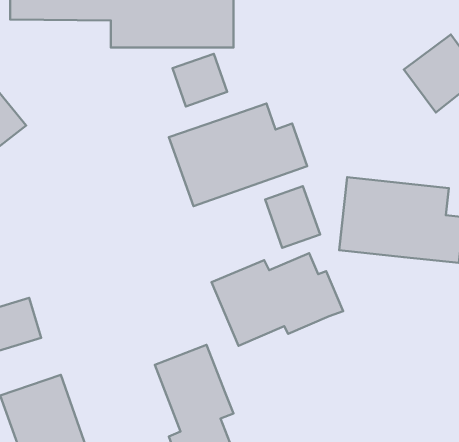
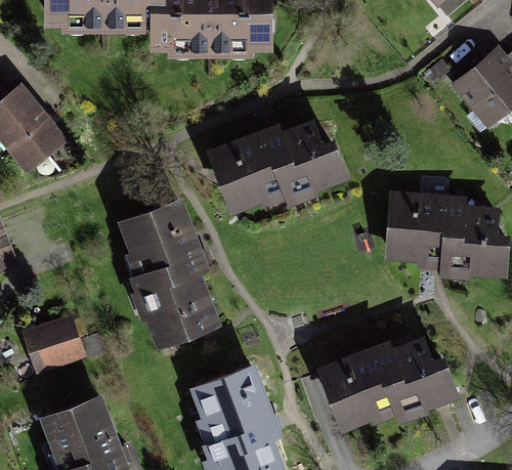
building: [173,54,227,106] -> none
building: none -> [121,199,212,349]
building: [265,186,320,248] -> none
building: [211,253,343,346] -> [321,338,456,433]

